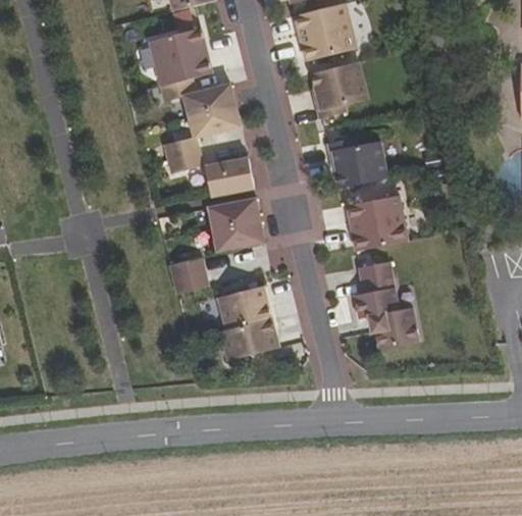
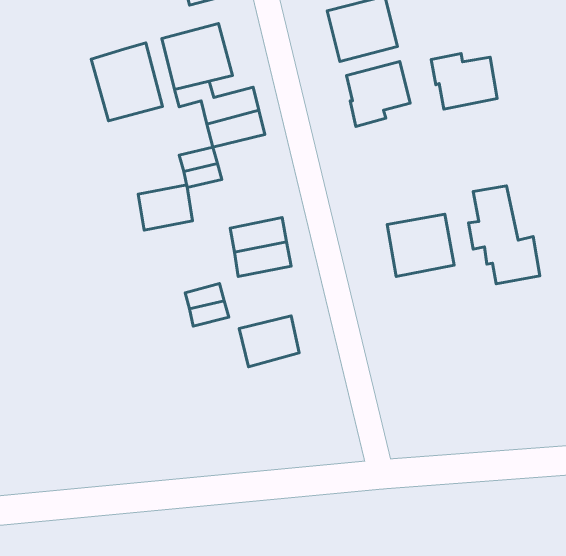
building: none -> [91,43,163,121]
building: [327,138,385,187] -> [431,54,497,109]
building: [204,156,252,196] -> [138,185,193,230]
building: [354,261,417,348] -> [468,186,540,284]
building: [218,317,277,359] -> none

